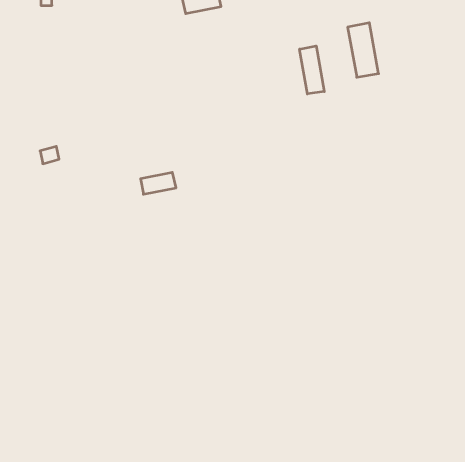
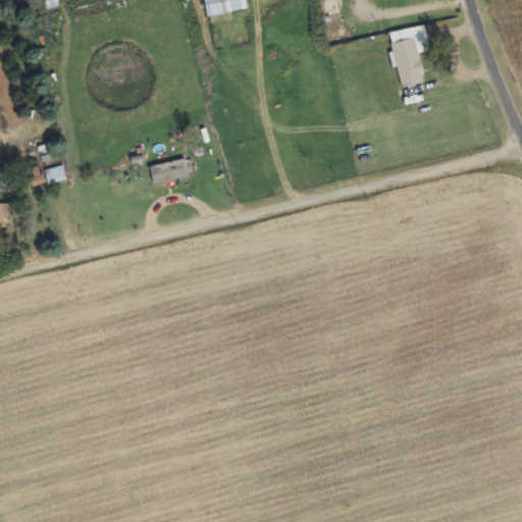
building: [300,46,324,94] -> none
building: [141,172,176,194] -> [150,158,190,182]

